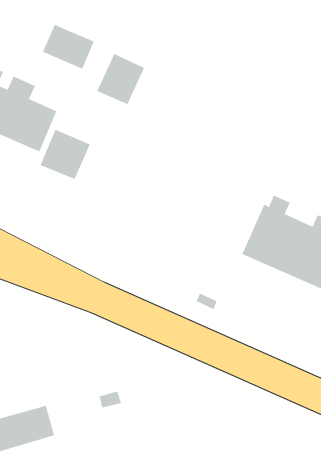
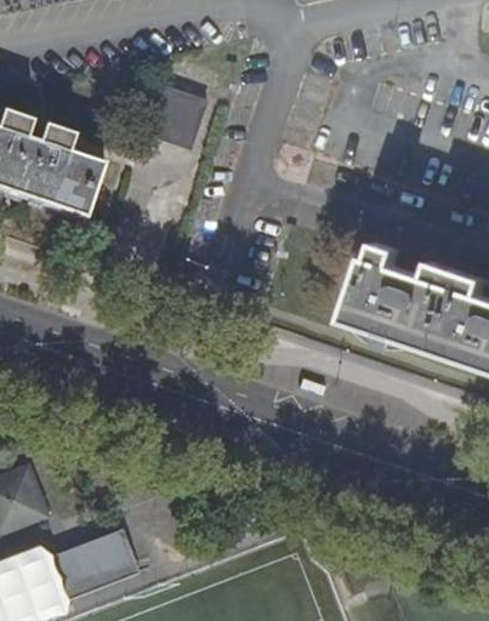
building: [42,24,94,70] -> none
building: [40,129,91,180] -> none

